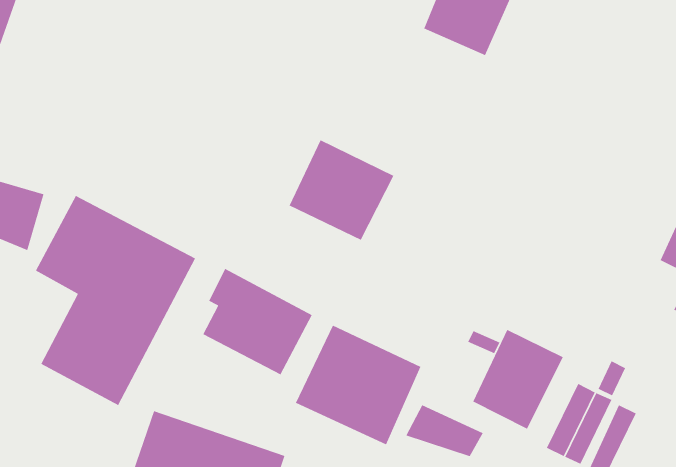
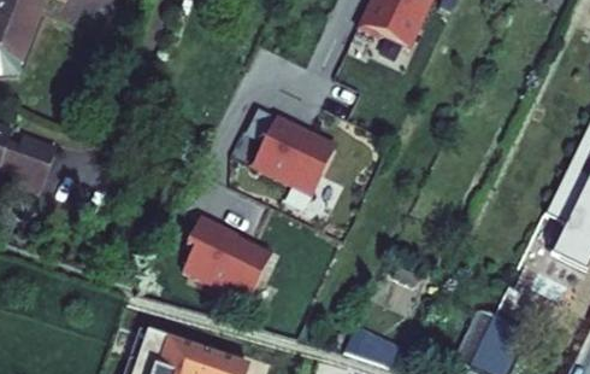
building: [35,195,196,406] -> none
building: [295,324,422,446] -> none
building: [472,329,564,430] -> none

